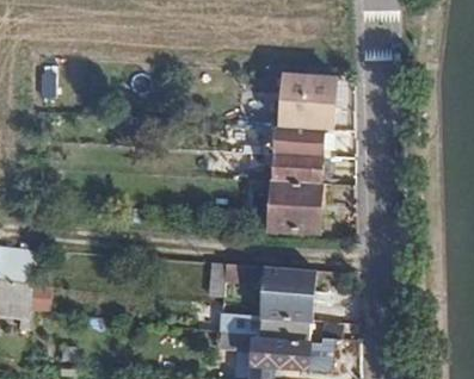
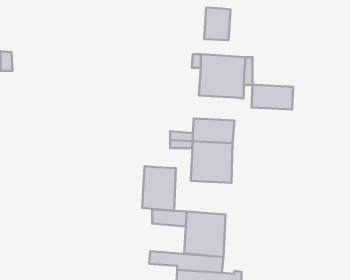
building: none -> [204,8,231,40]
building: [272,126,322,156] -> [251,85,293,110]
building: none -> [142,166,176,211]

